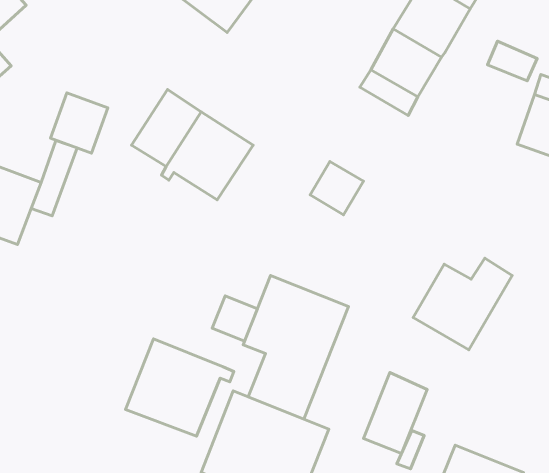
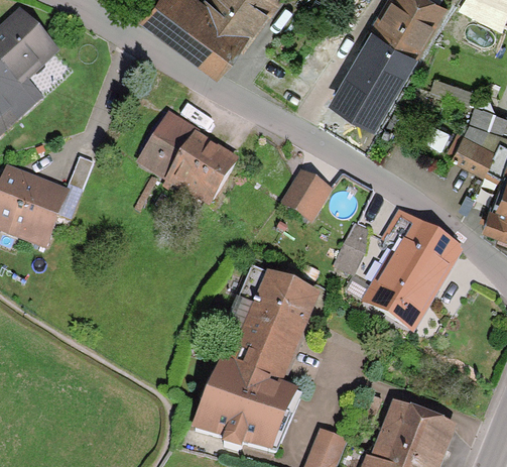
building: [50,93,108,153] -> none
building: none -> [384,213,458,267]
building: none -> [333,222,367,278]
building: [212,296,257,341] -> none
building: [126,339,234,436] -> none
building: [364,372,427,453] -> none

